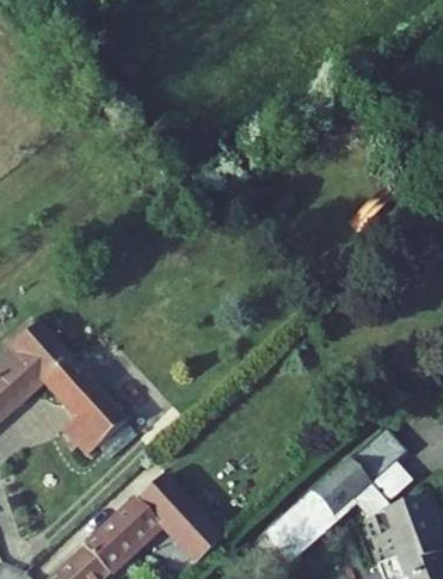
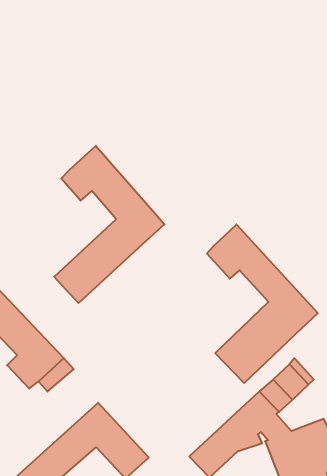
building: none -> [54,146,165,303]
building: none -> [207,224,318,383]

